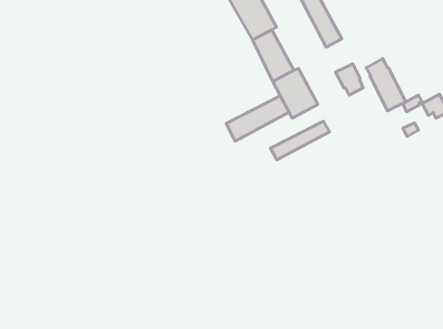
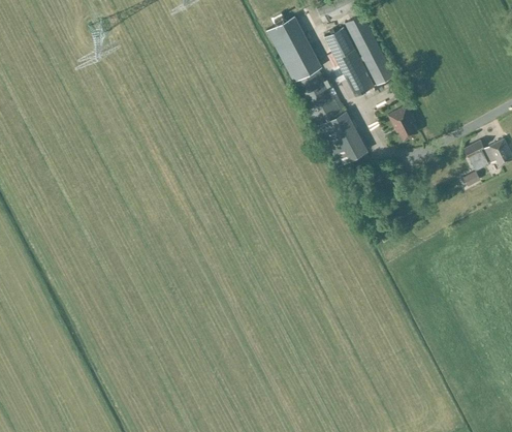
building: [366,58,406,111] -> [330,37,375,96]
building: [226,96,289,141] -> none
building: [271,121,330,160] -> none

